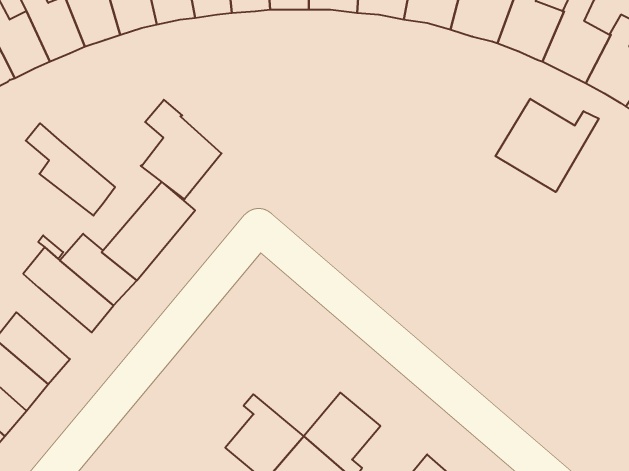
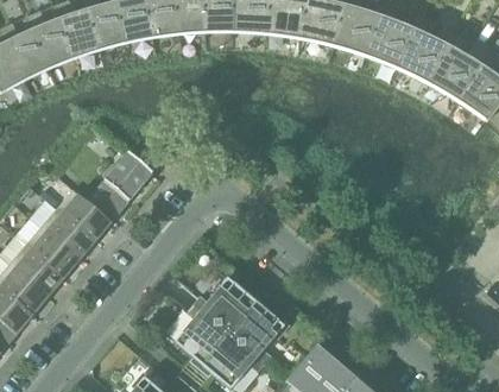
building: [495,99,599,192] -> none
building: [141,100,222,199] -> none
building: [26,123,115,216] -> none
building: none -> [26,227,80,278]
building: none -> [195,277,257,333]

